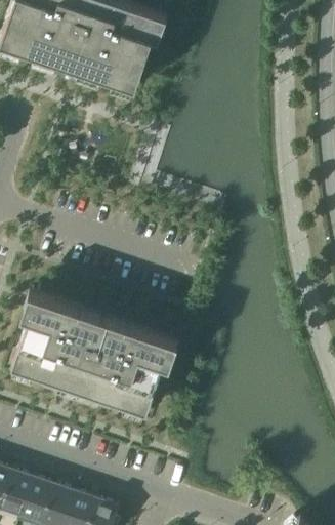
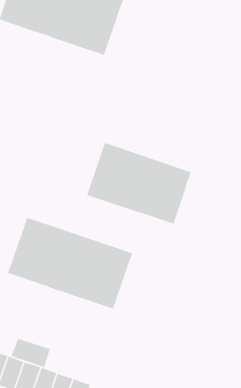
building: none -> [87,142,192,225]
building: none -> [5,336,51,368]

